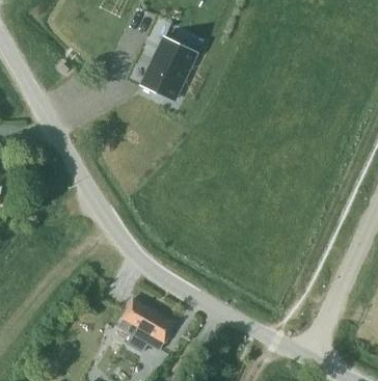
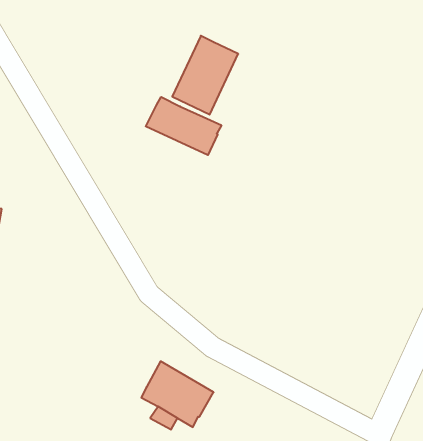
building: none -> [146,97,221,155]

